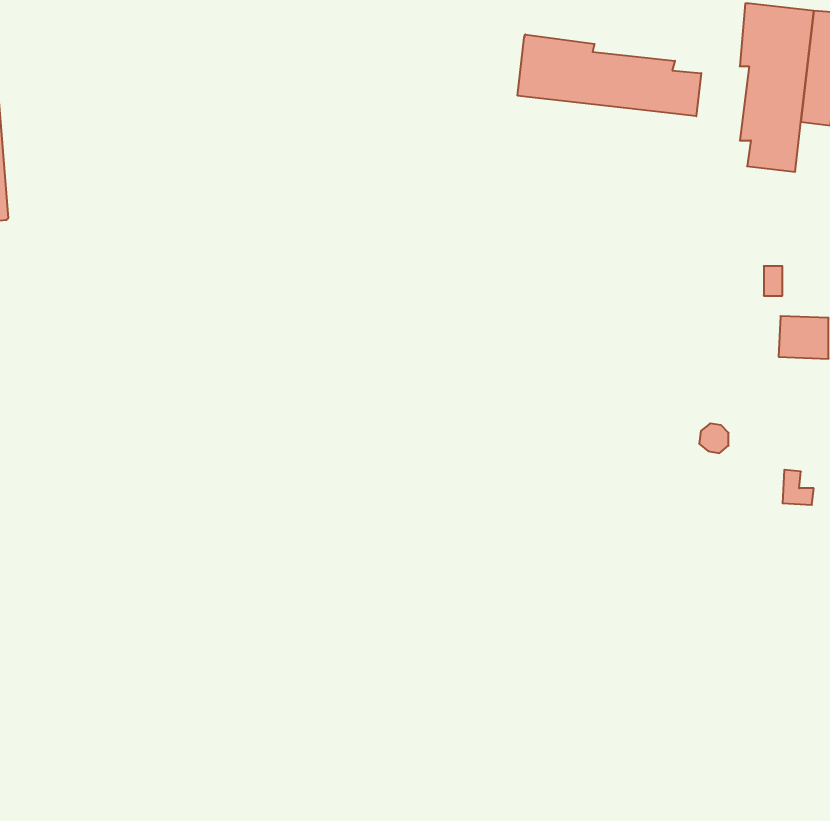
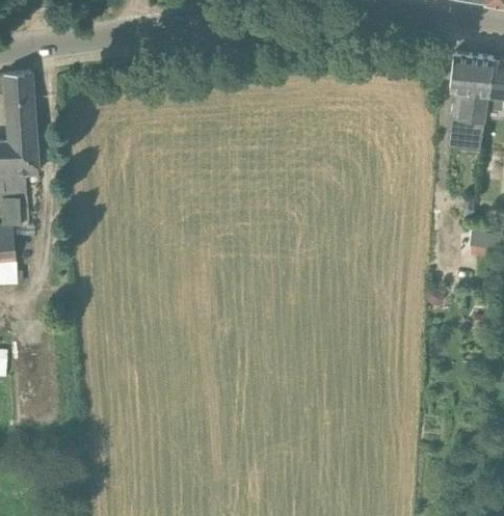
building: [518,34,701,116] -> none

